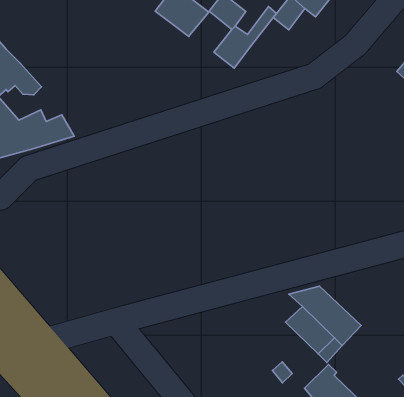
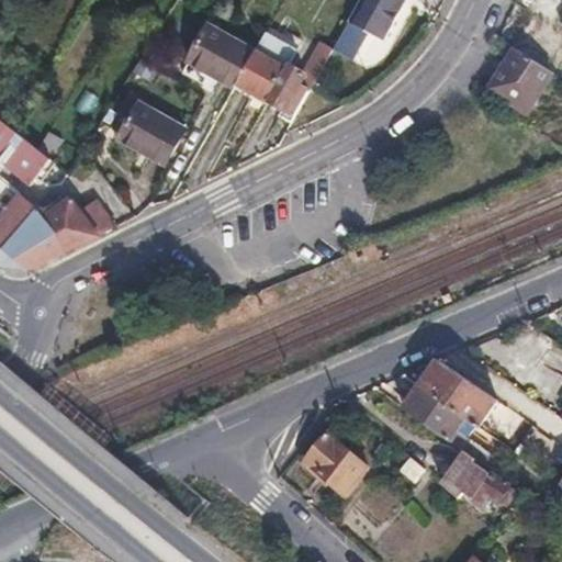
building: none -> [234,50,283,99]
building: none -> [119,102,183,162]
building: none -> [304,435,366,495]

